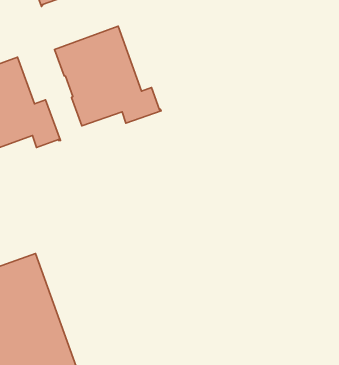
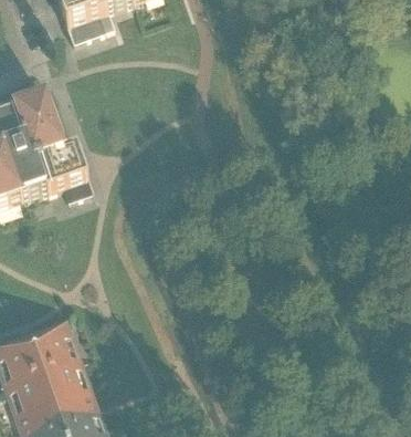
building: [55,26,161,126] -> none

